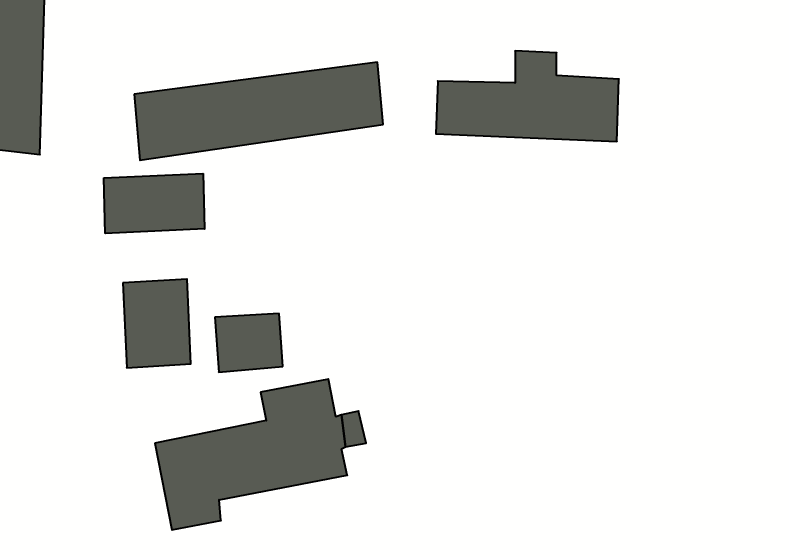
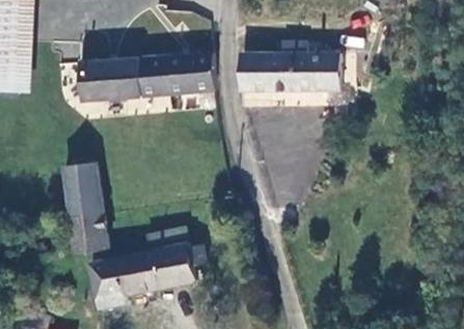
building: [104,174,205,233] -> none
building: [215,314,283,372] -> [72,217,109,249]

